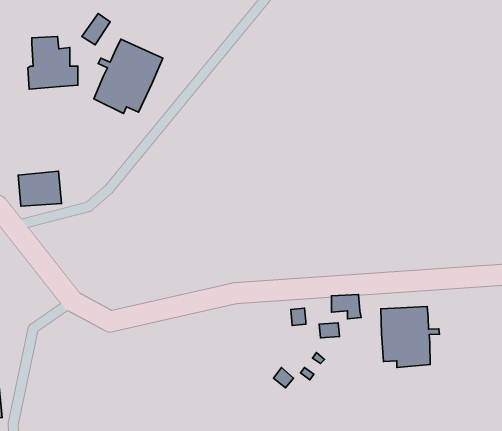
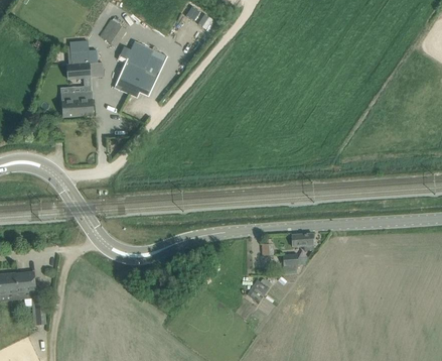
building: [18,171,61,206] -> [60,90,93,116]
building: [381,307,439,367] -> none

